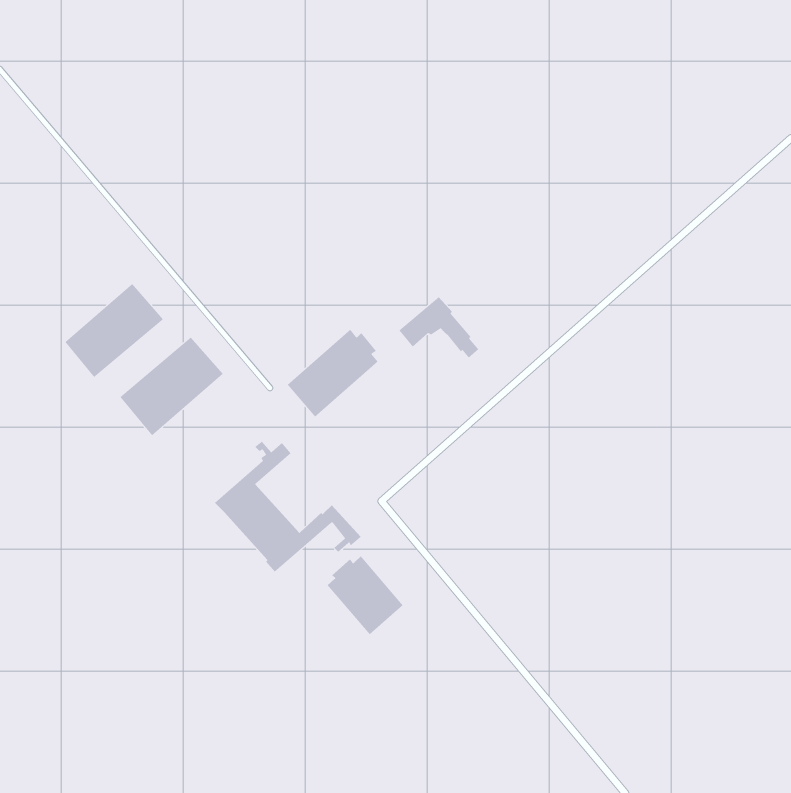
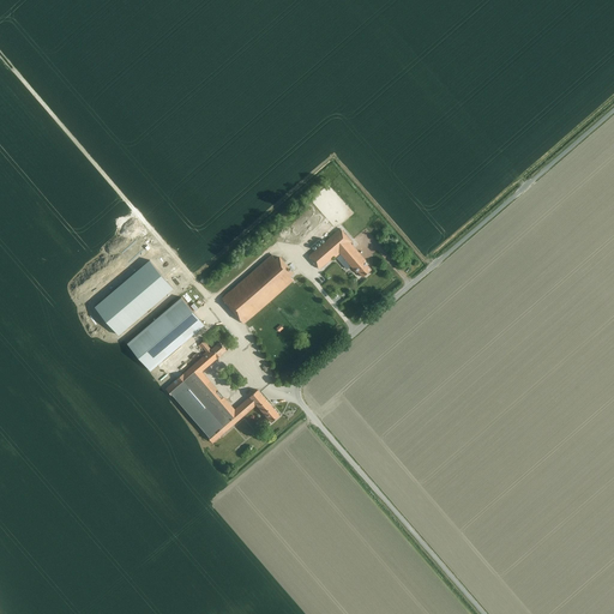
building: [64,283,164,378] -> [127,297,204,371]
building: [327,556,404,635] -> none

